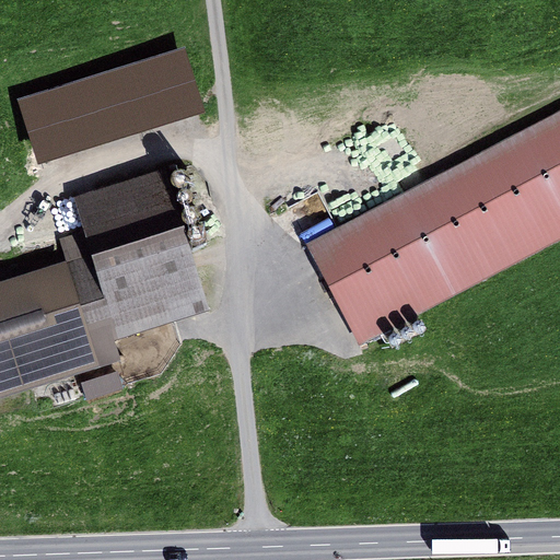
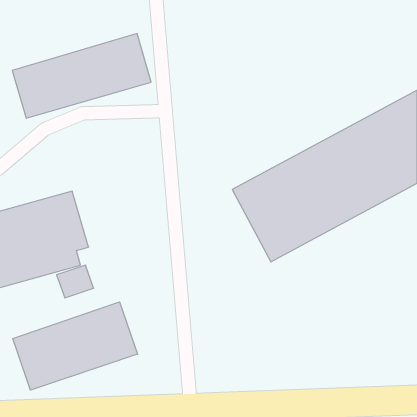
building: [80,173,207,329] -> none
building: none -> [13,302,138,390]

